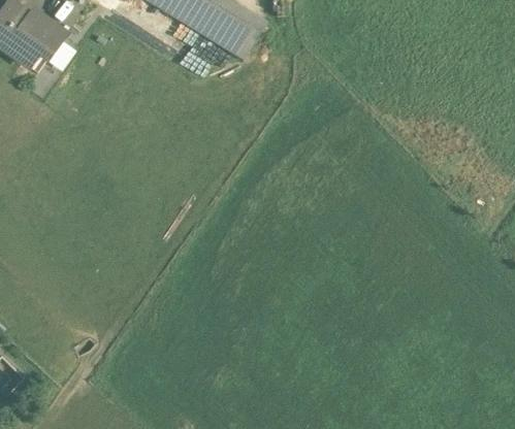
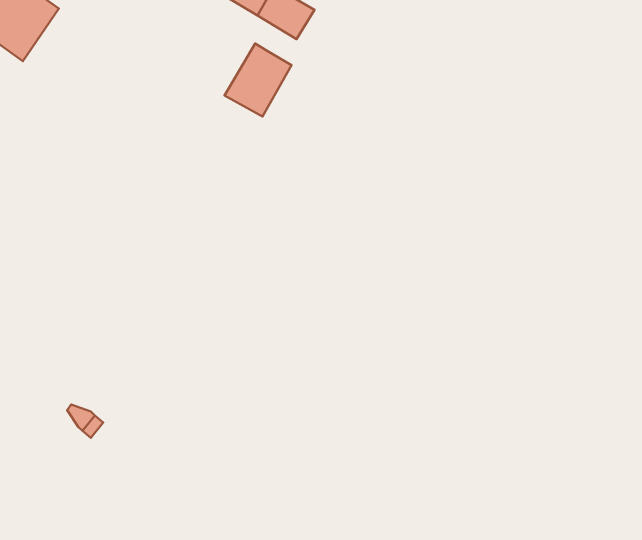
building: none -> [225,43,292,117]

